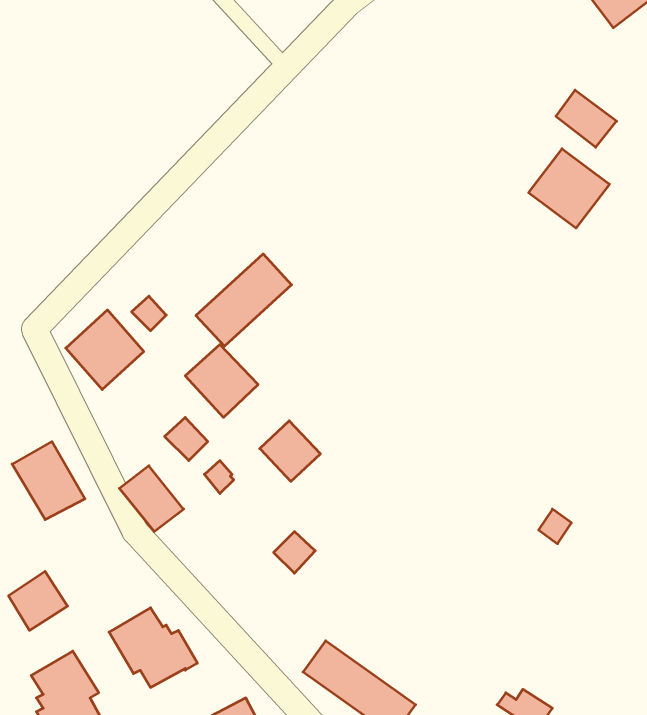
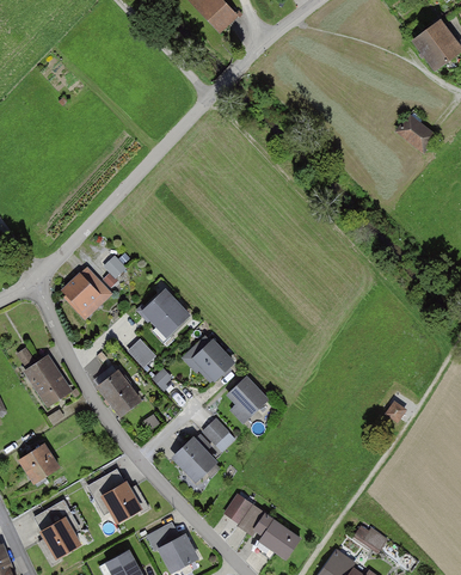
building: [529,149,609,228] -> none
building: [196,254,292,346] -> none
building: none -> [225,378,268,421]
building: none -> [171,439,216,484]

